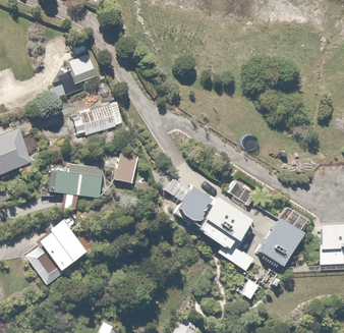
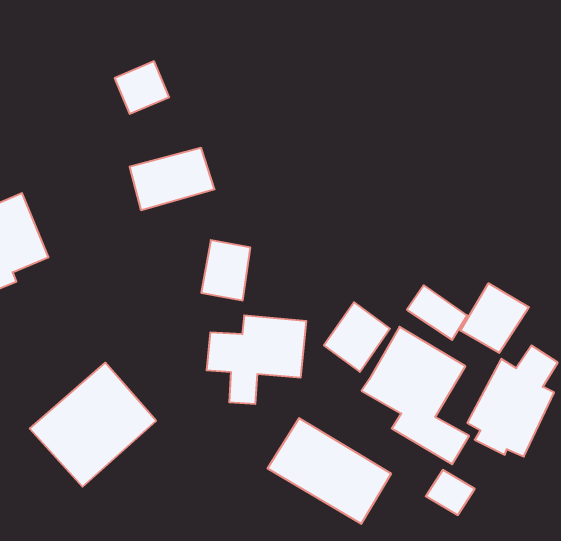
building: [50,164,104,212] -> [206,315,306,404]
building: none -> [460,283,529,353]
building: none -> [268,418,391,524]

